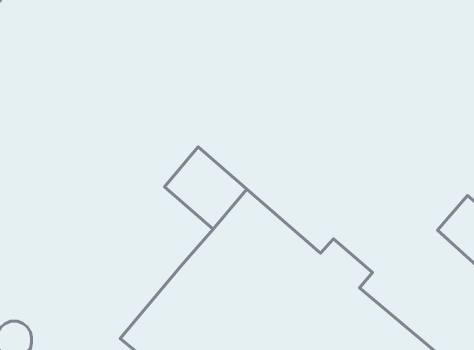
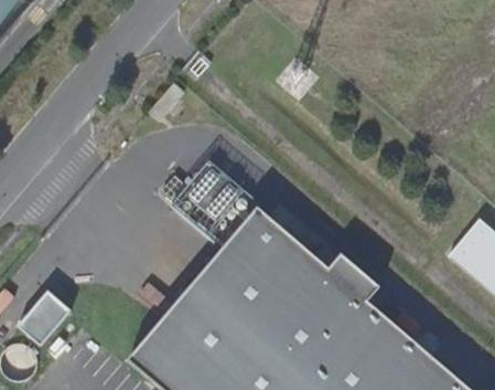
building: none -> [19,291,73,347]

